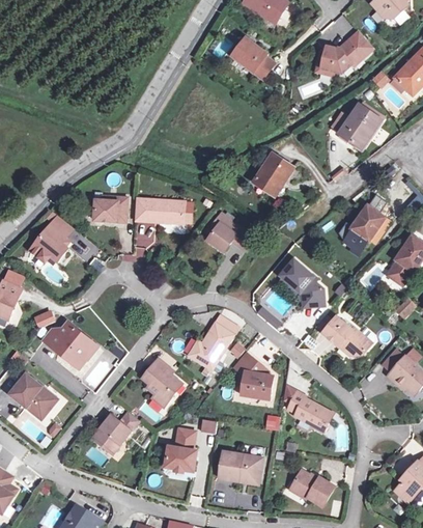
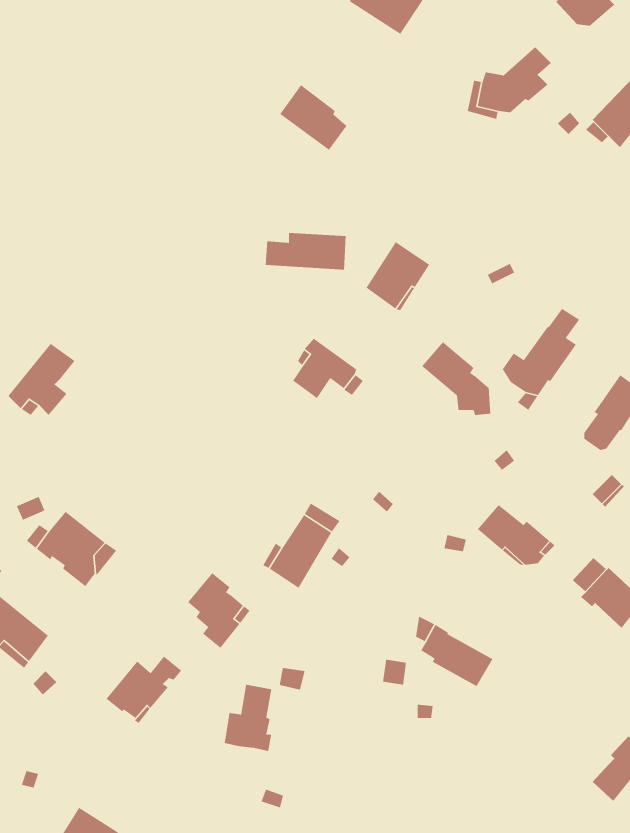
building: [232,37,275,79] -> [279,84,348,151]
building: [331,104,379,147] -> none
building: [89,196,126,221] -> none
building: [134,199,185,223] -> [265,232,346,270]
building: [280,259,323,306] -> [421,341,491,416]
building: [234,353,273,396] -> none
building: [218,451,262,481] -> none
building: [289,470,334,506] -> none

